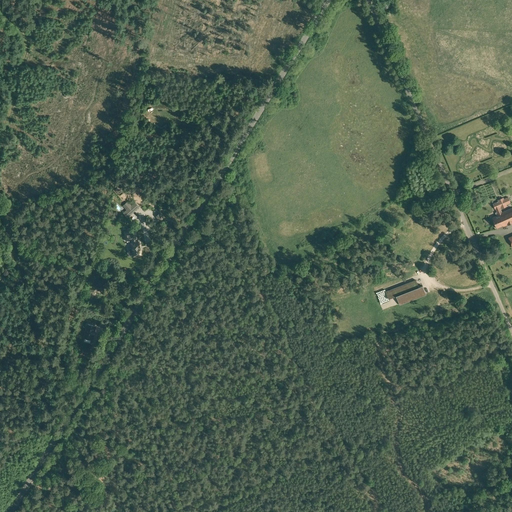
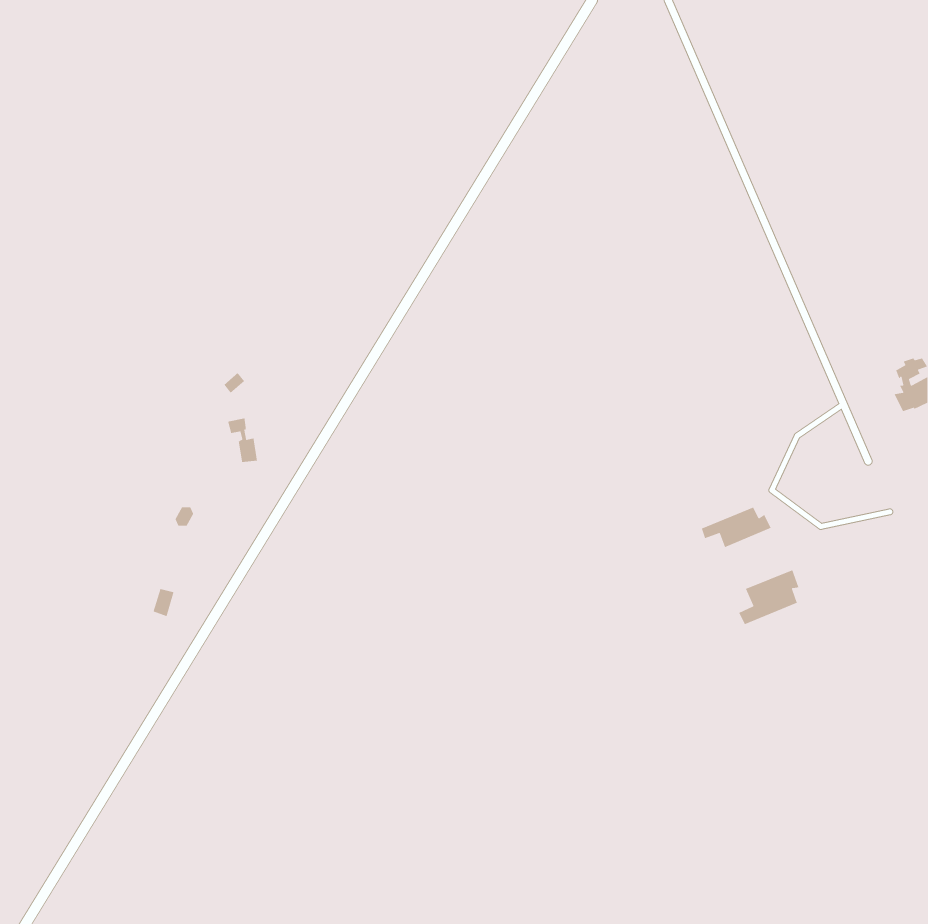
building: none -> [738,569,799,625]

